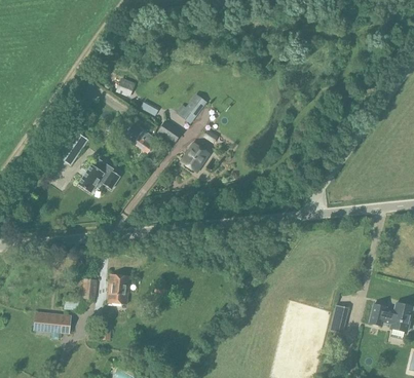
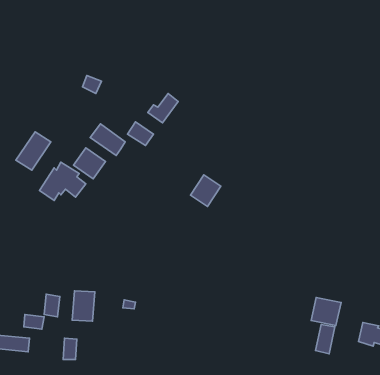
building: [180,142,208,171] -> [190,175,221,206]
building: none -> [73,148,106,179]
building: none -> [311,297,341,326]

